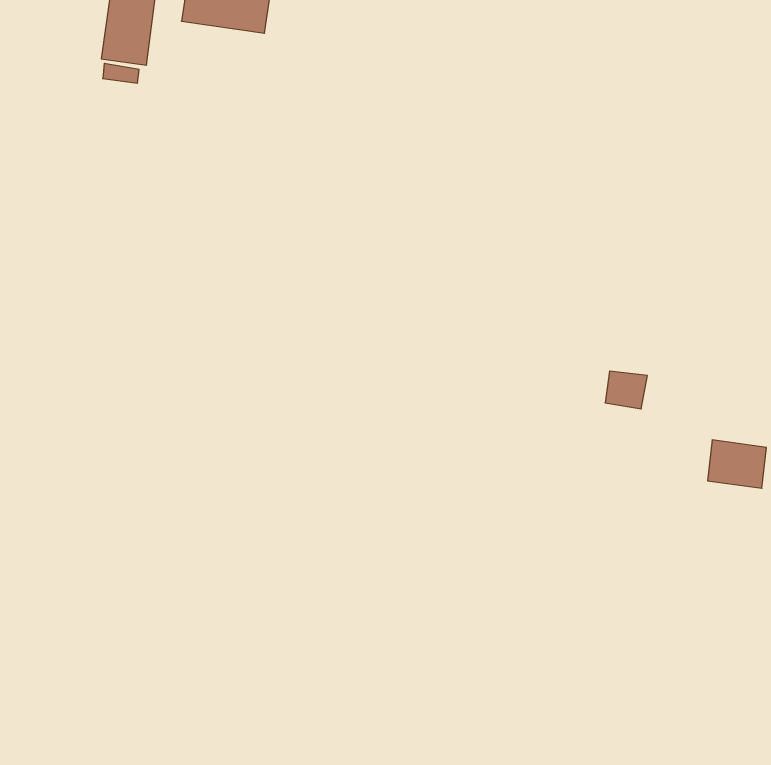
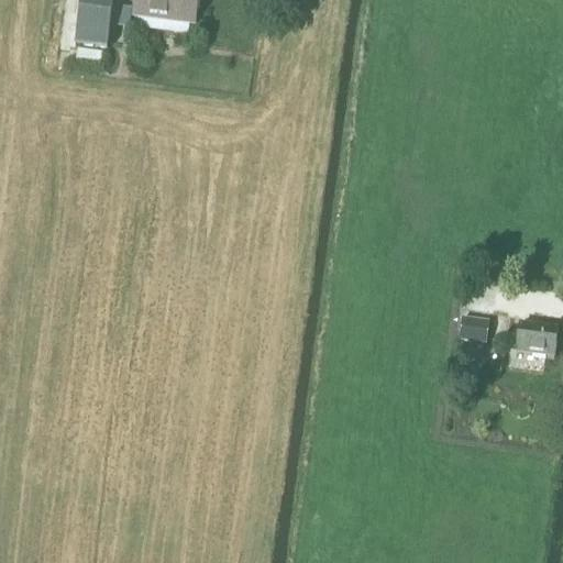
building: [605,371,647,409] -> [459,314,489,342]

